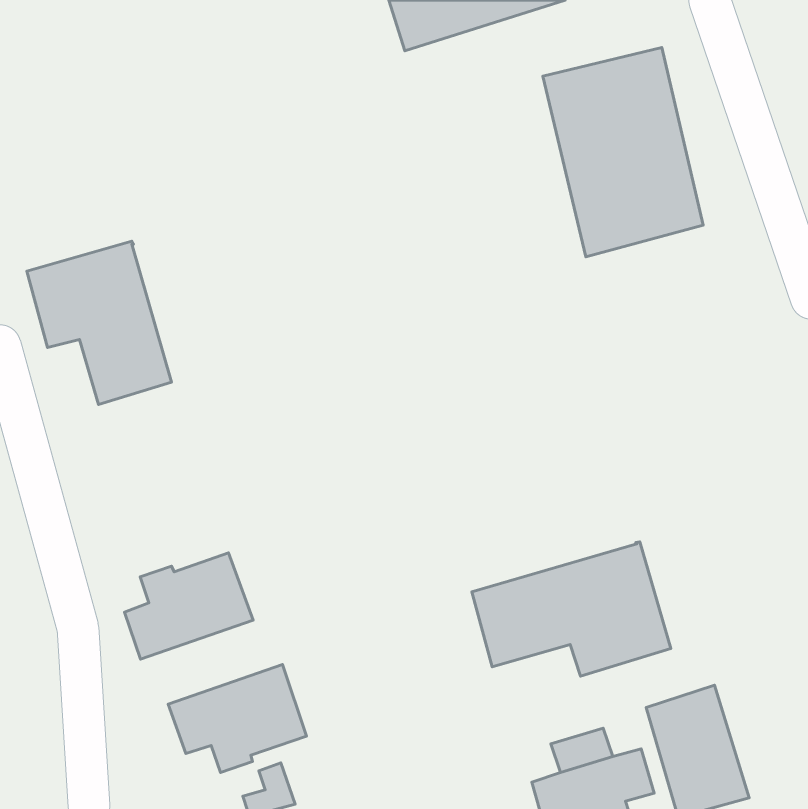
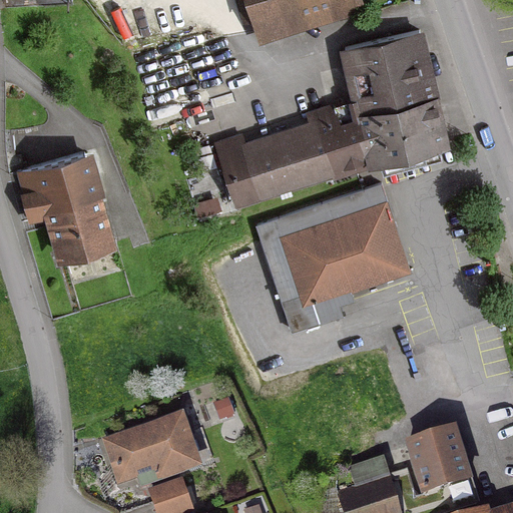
building: none -> [219,108,353,202]
building: none -> [258,199,396,331]
building: [472,542,671,676] -> none
building: [124,553,253,659] -> none

